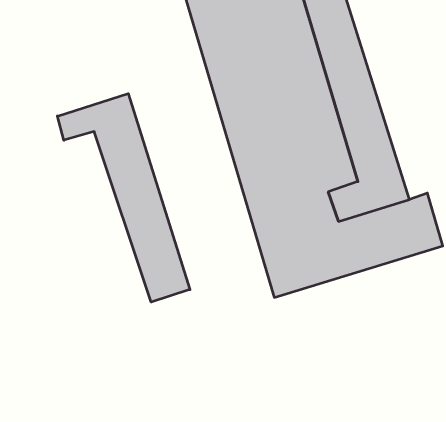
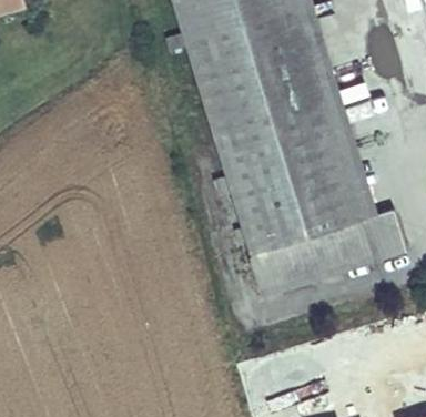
building: [57,94,190,302] -> none

